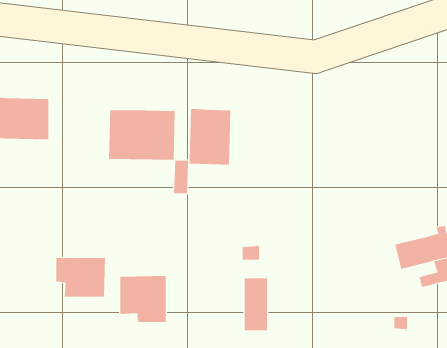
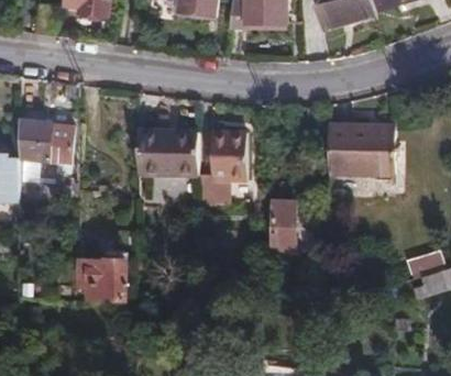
building: none -> [324,123,392,176]
building: [120,275,166,323] -> none
building: [244,278,268,331] -> [270,201,292,250]

